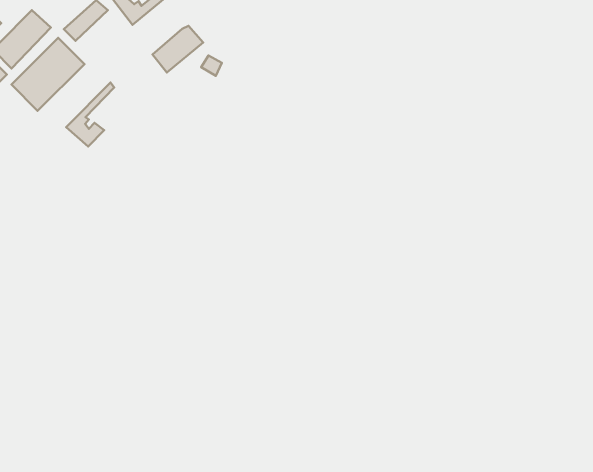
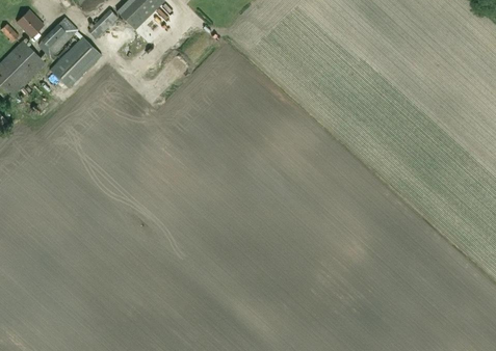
building: [152,26,203,73] -> none
building: [66,83,114,146] -> none

